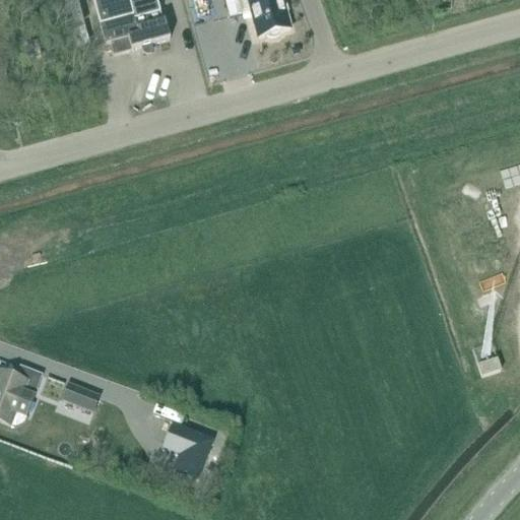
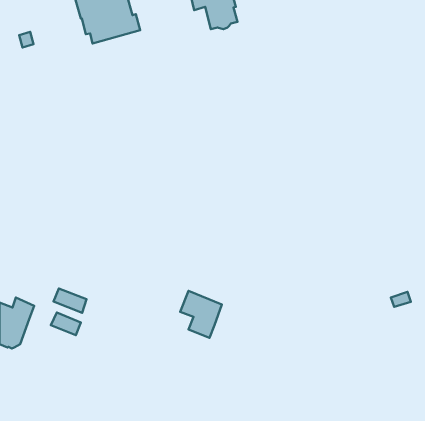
building: none -> [53,288,87,313]
building: [162,420,213,477] -> [180,291,222,338]

